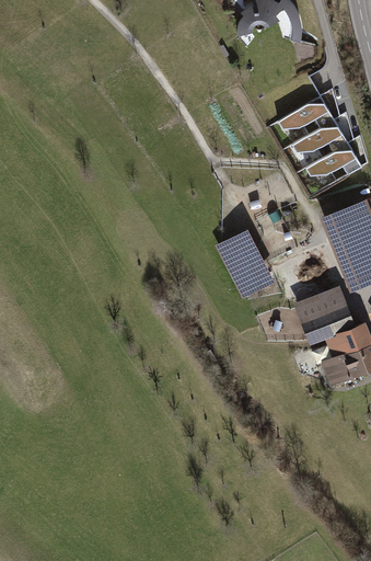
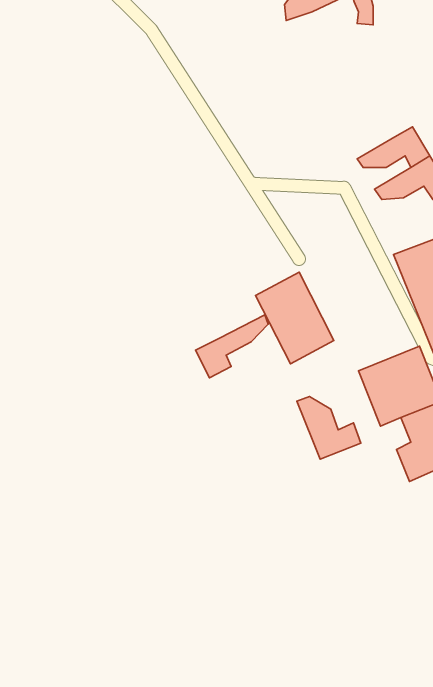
building: [279,96,334,128] -> none
building: none -> [196,315,268,378]
building: none -> [297,397,361,459]

